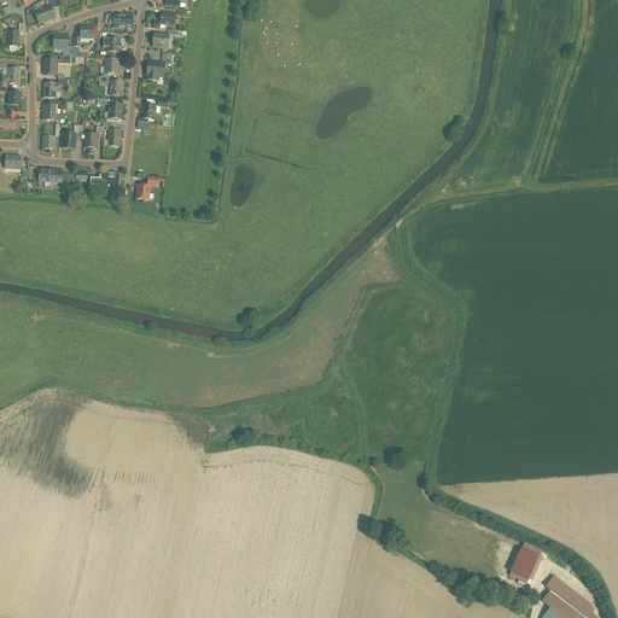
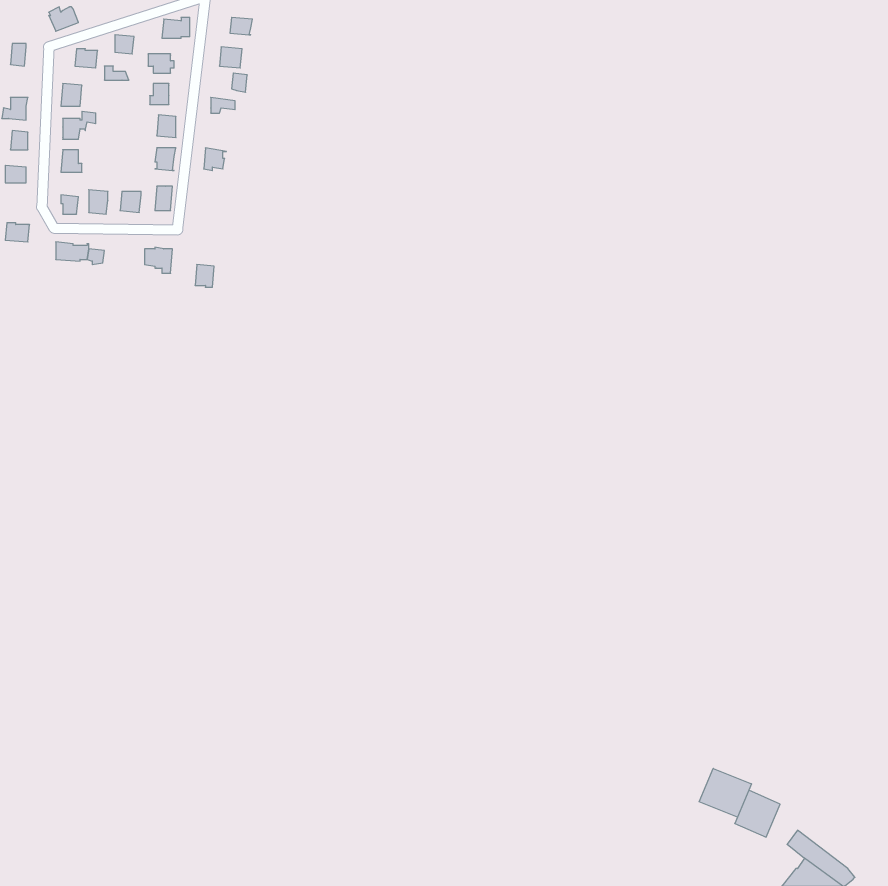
building: none -> [699,768,751,817]

